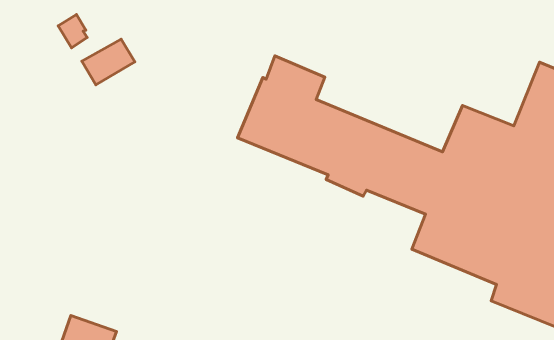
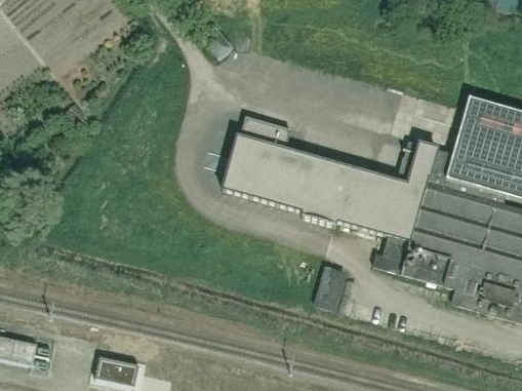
building: [82,39,135,85] -> none
building: none -> [312,264,346,309]

